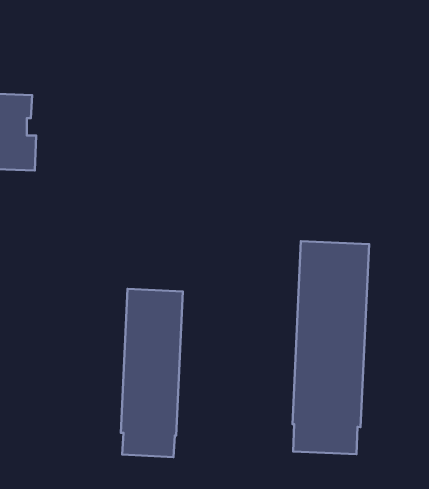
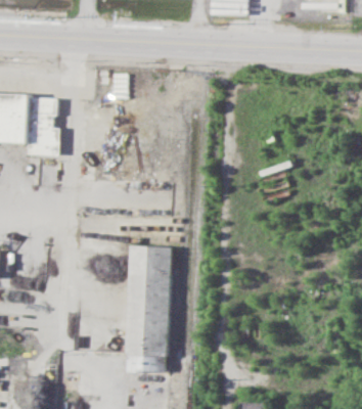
building: [292,241,369,454] -> none

